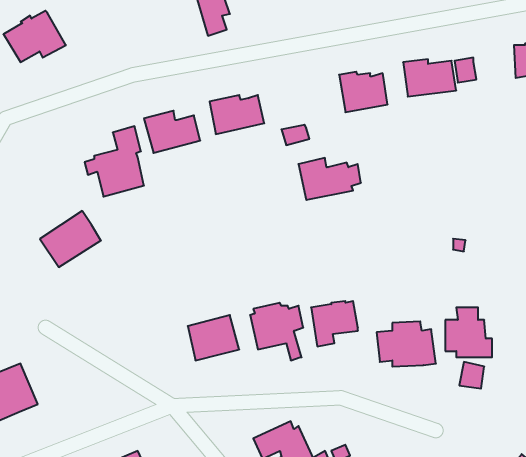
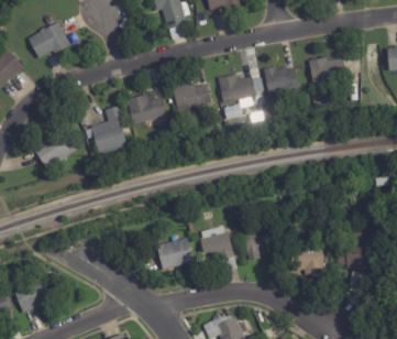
building: [298,158,361,200] -> [218,73,262,102]
building: [40,211,101,267] -> [33,129,76,168]

